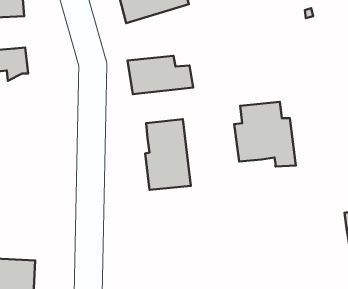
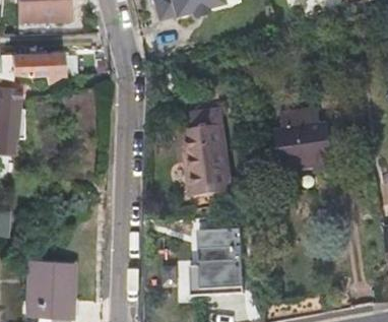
building: [128,56,193,94] -> none
building: none -> [192,204,255,282]

